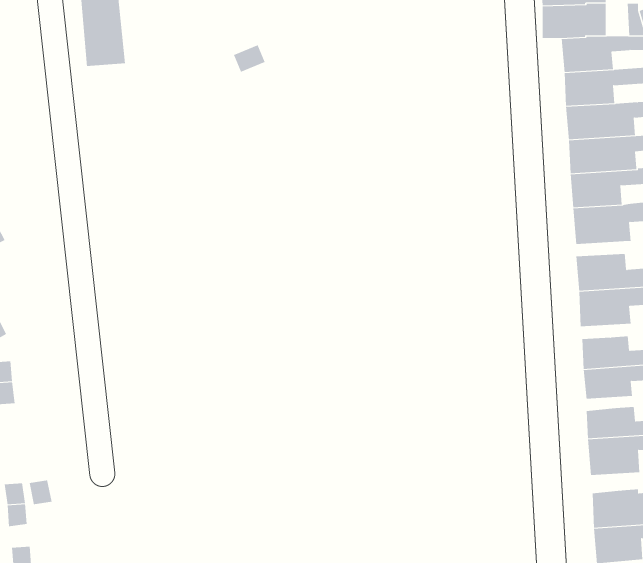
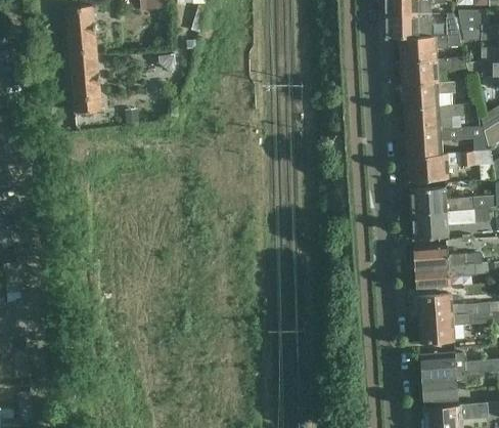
building: none -> [69,55,100,113]

